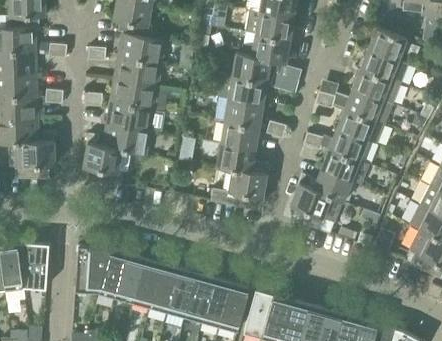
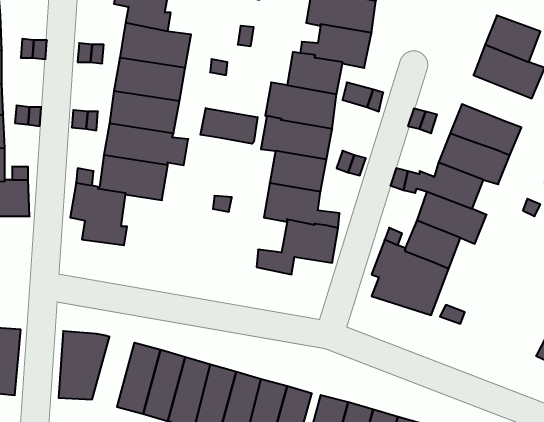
building: [352,70,400,106] -> none
building: none -> [200,108,258,144]
building: [98,250,127,298] -> none

